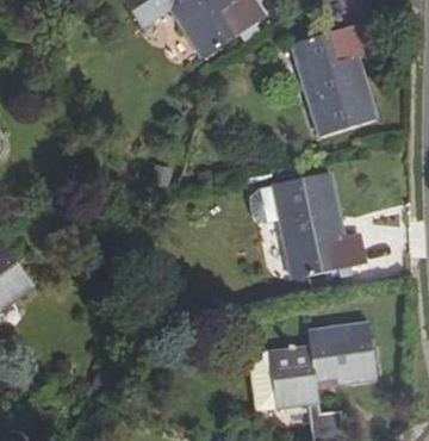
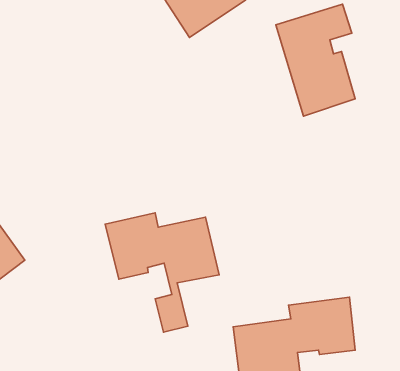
building: [251,172,363,279] -> none
building: none -> [105,213,219,332]

